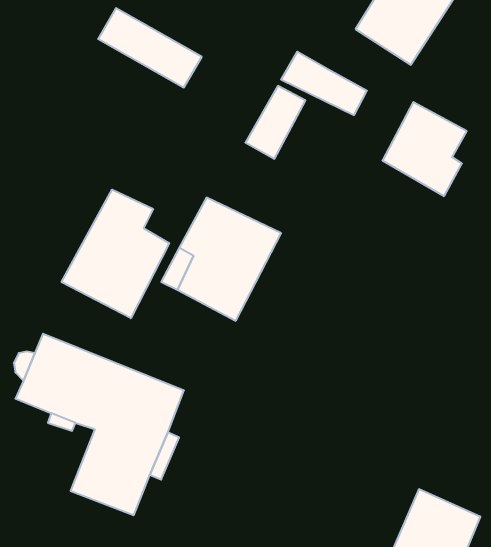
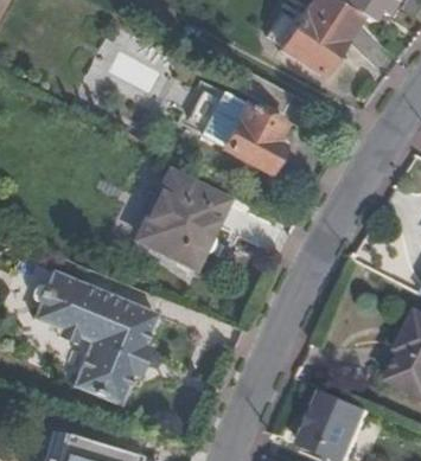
building: [382,102,467,196] -> [219,102,281,171]
building: [62,190,169,318] -> none

